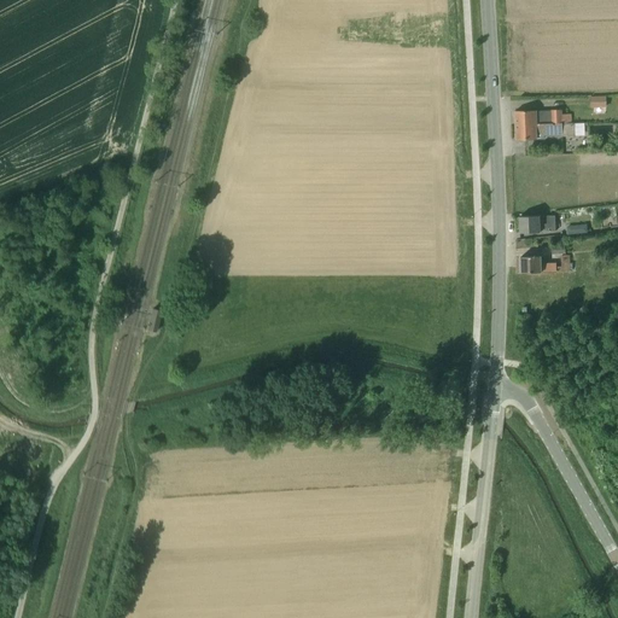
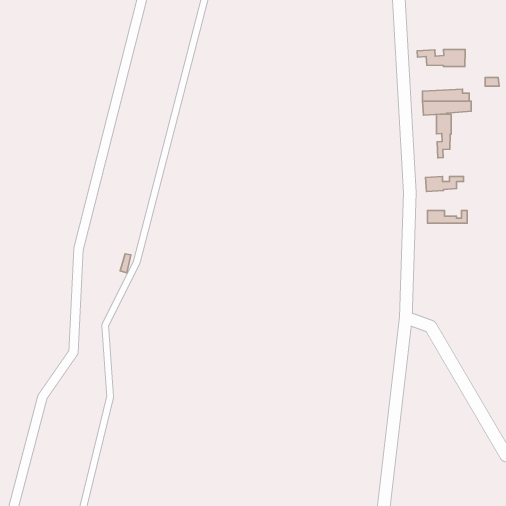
building: none -> [417,49,465,67]
building: none -> [437,114,451,158]

